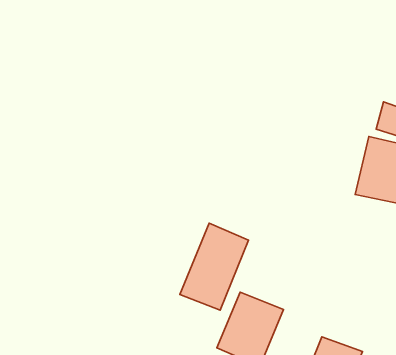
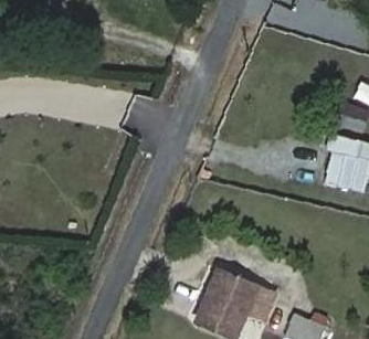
building: [180,223,249,310] -> none

